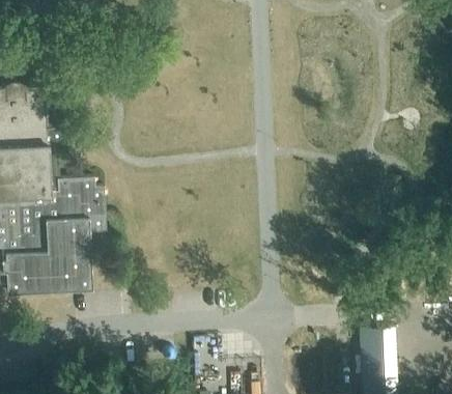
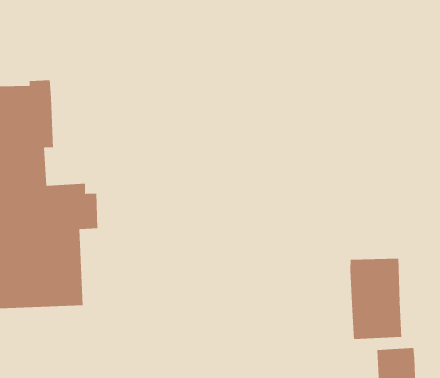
building: none -> [350,258,402,340]

